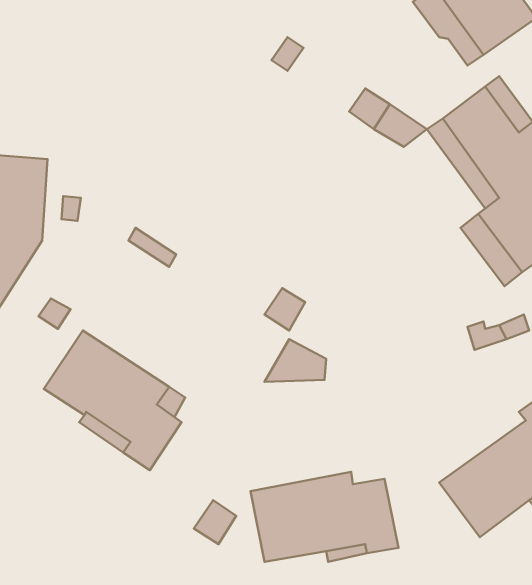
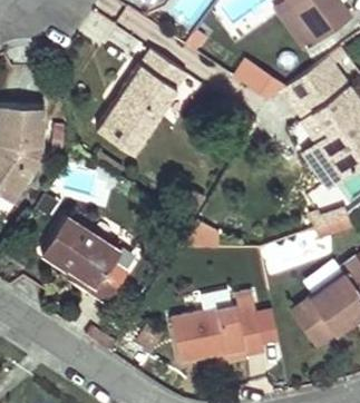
building: none -> [97,48,186,151]

